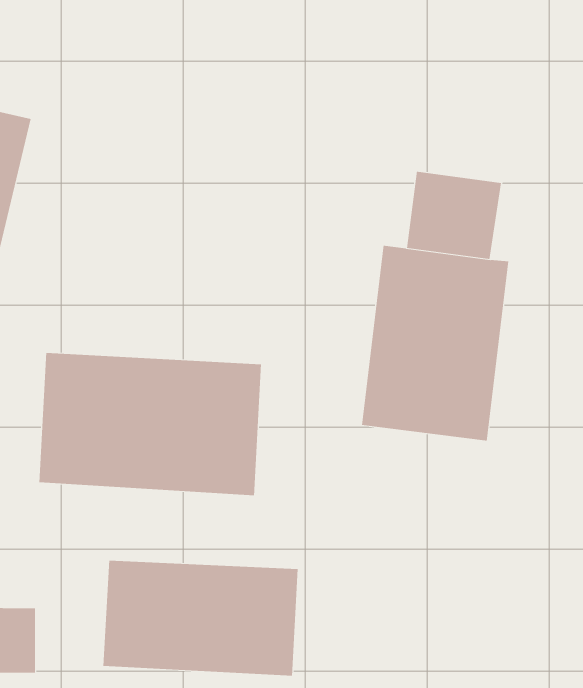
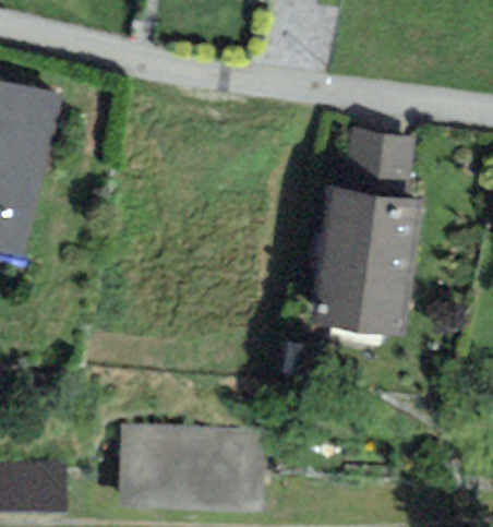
building: [39,352,261,496] -> none

